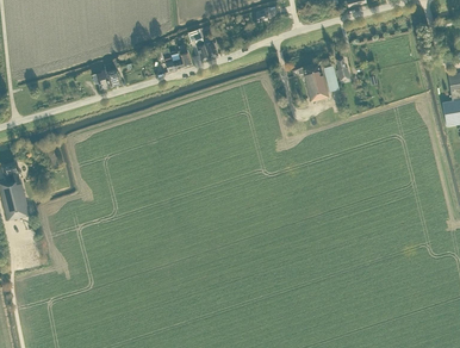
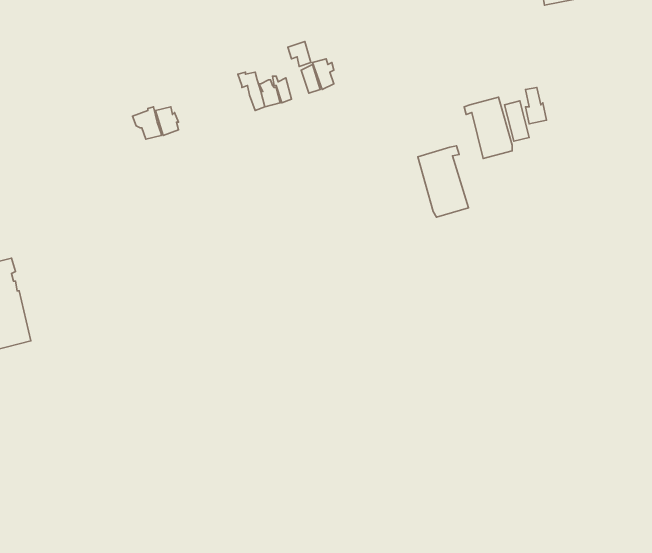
building: none -> [418,146,469,217]

